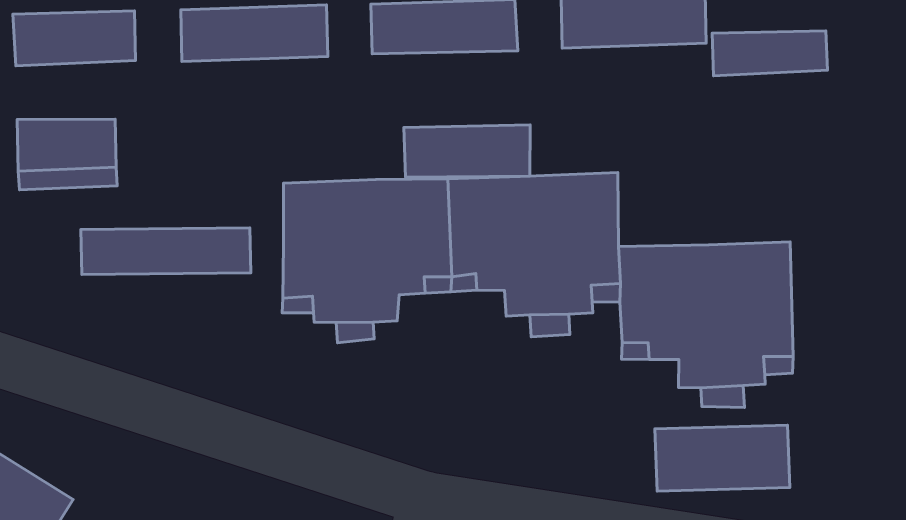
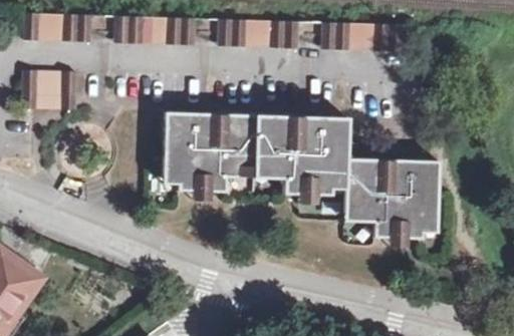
building: [712,31,827,76] -> none
building: [404,125,530,177] -> none
building: [81,228,251,274] -> none
building: [655,425,790,491] -> none

